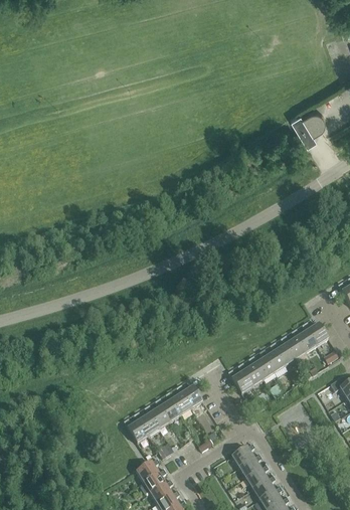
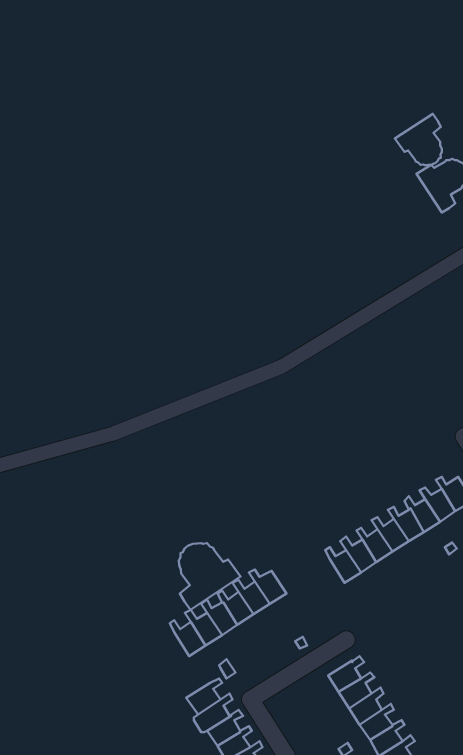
building: none -> [395,114,442,165]
building: none -> [179,543,240,610]

